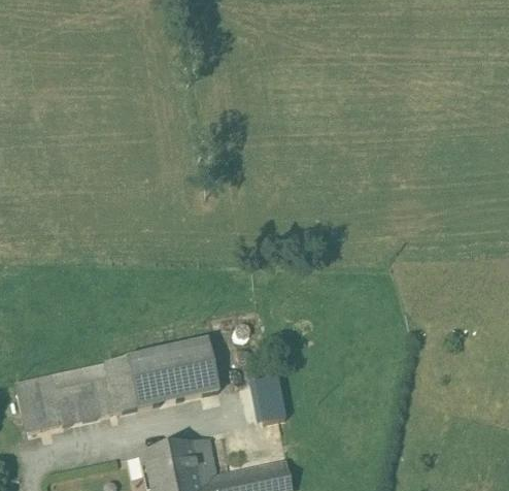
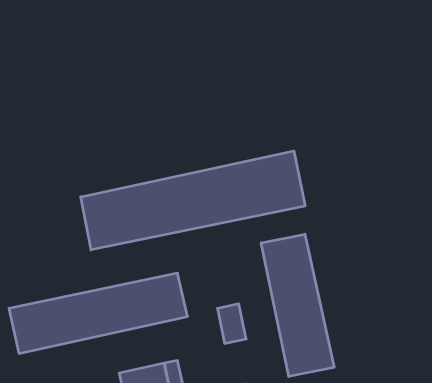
building: none -> [81,151,305,250]
building: none -> [261,234,334,377]

